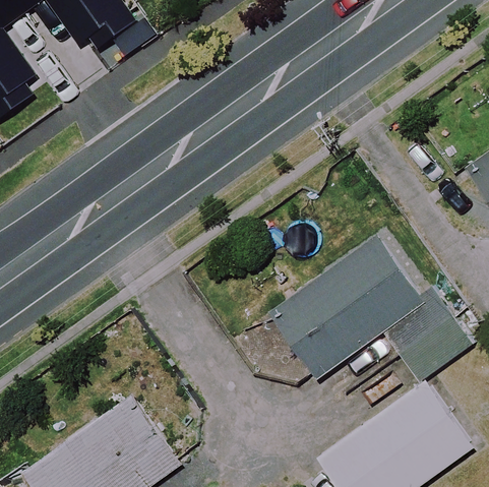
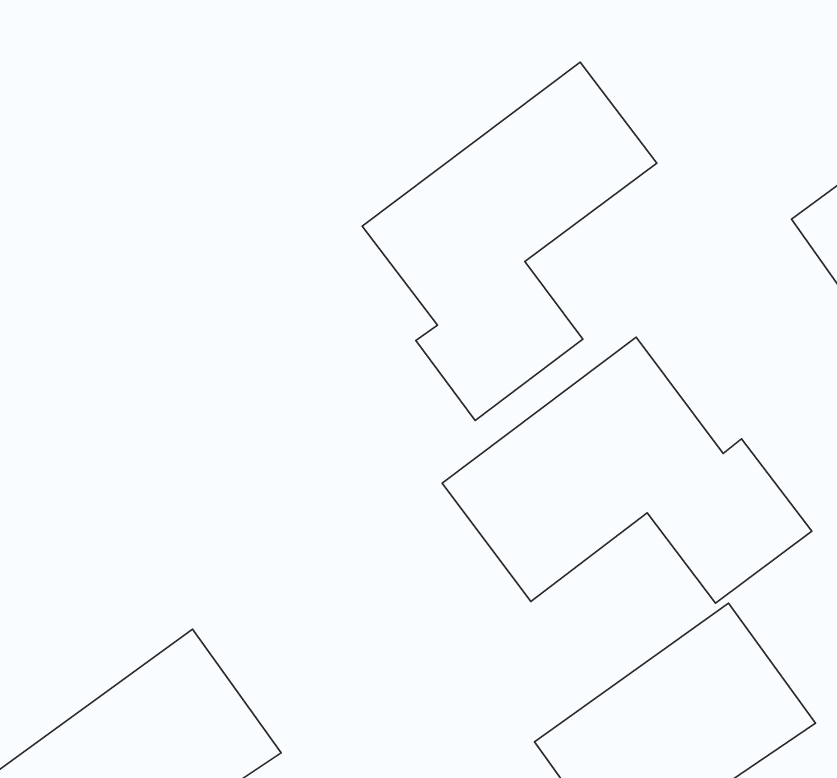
building: none -> [362,62,657,420]

